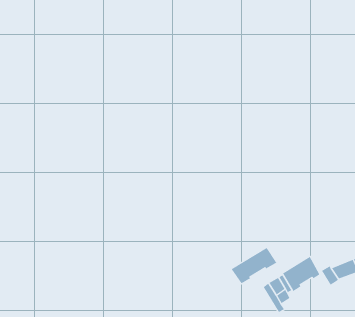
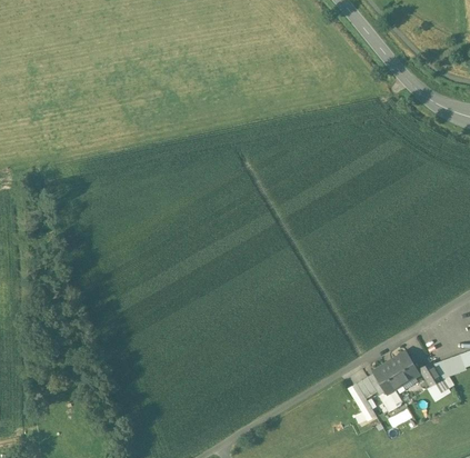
building: [231,247,277,284] -> none

